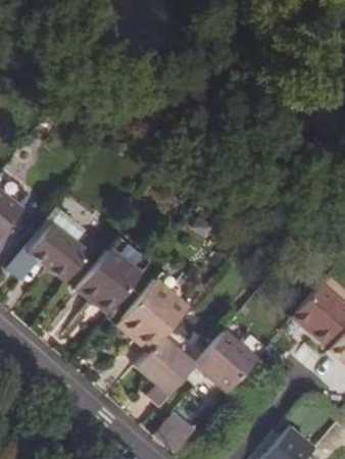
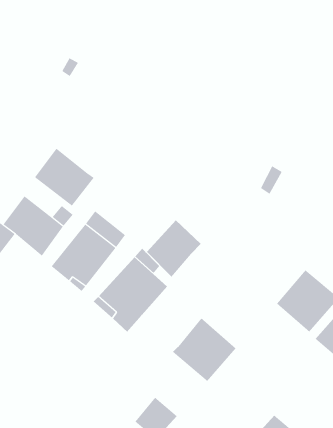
building: none -> [34,148,94,206]
building: none -> [146,219,201,277]
building: [135,335,196,395] -> none

